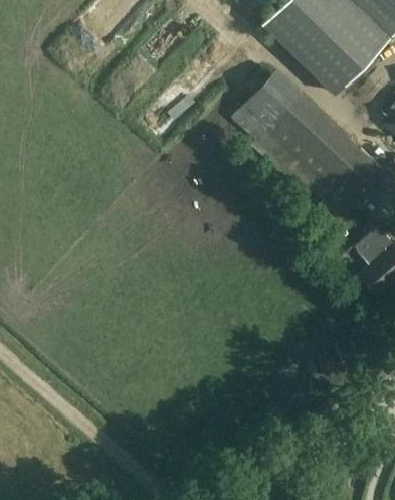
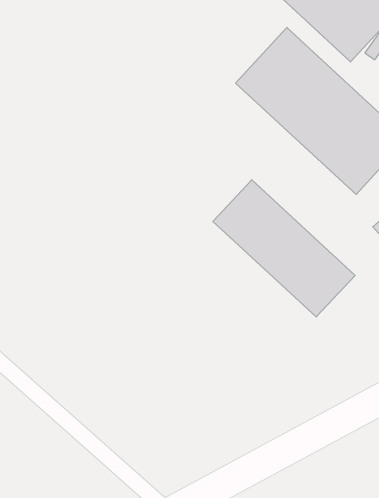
building: none -> [213,180,355,317]

